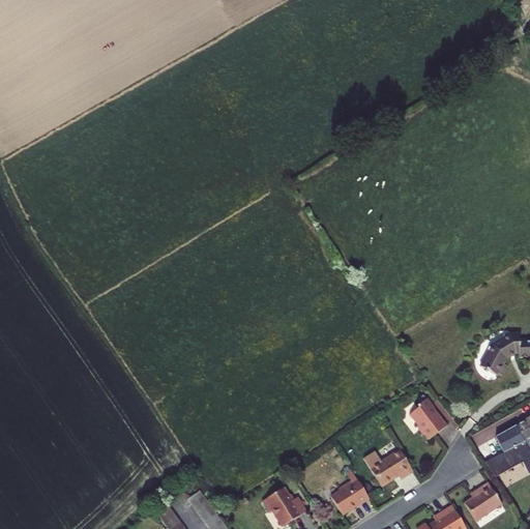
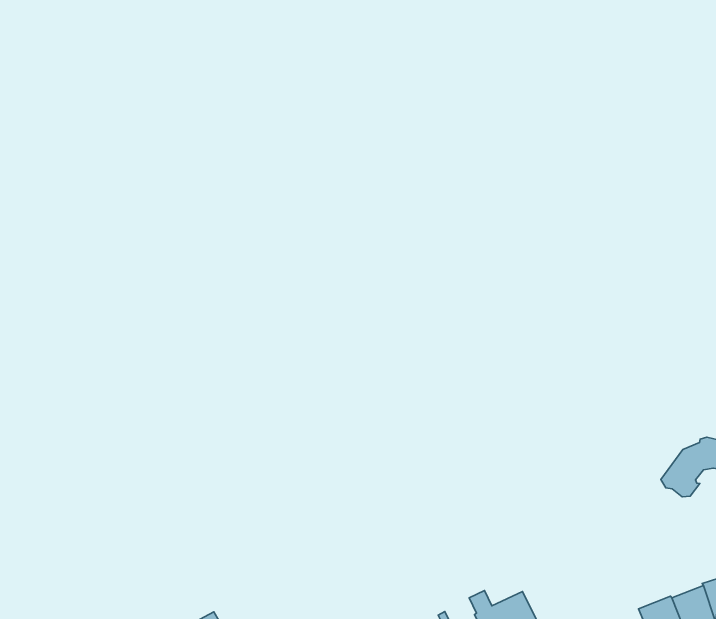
building: [409,398,446,440] -> none

